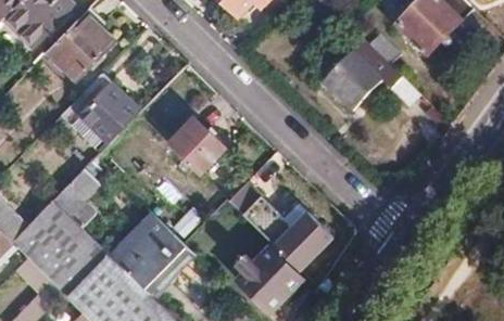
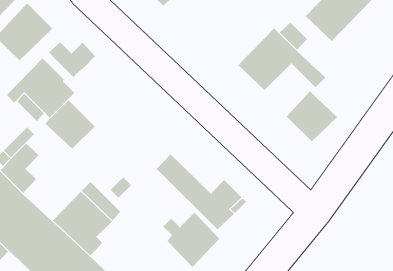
building: none -> [48,42,96,78]
building: none -> [286,90,338,142]
building: [167,117,225,174] -> [44,100,95,150]

